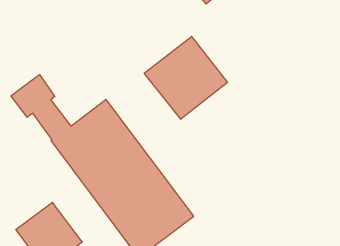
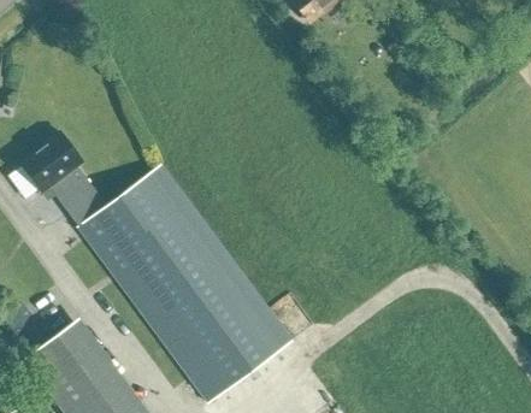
building: [144,36,227,119] -> none

